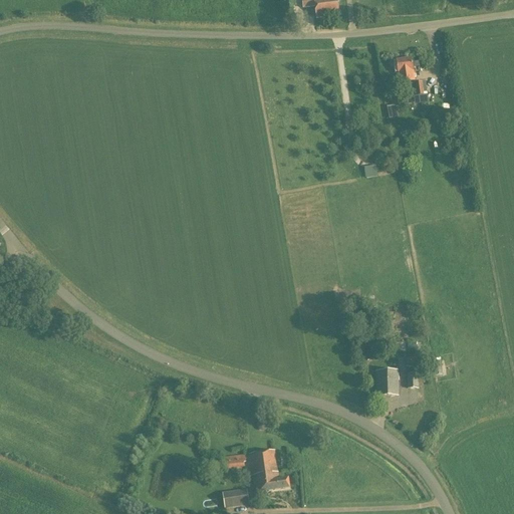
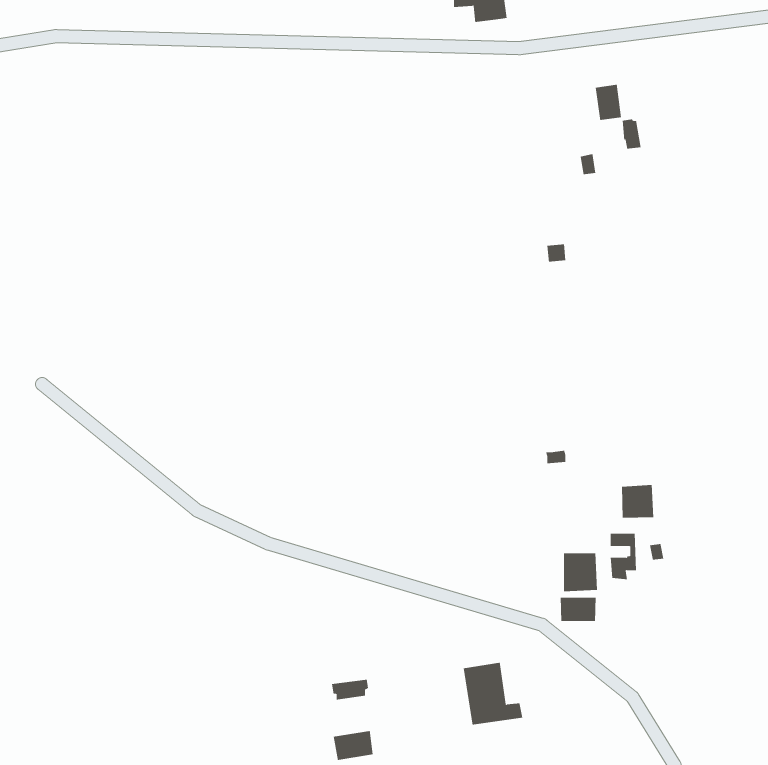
building: none -> [621,484,654,519]
building: none -> [560,597,596,622]
building: [250,449,290,491] -> [463,662,523,725]

